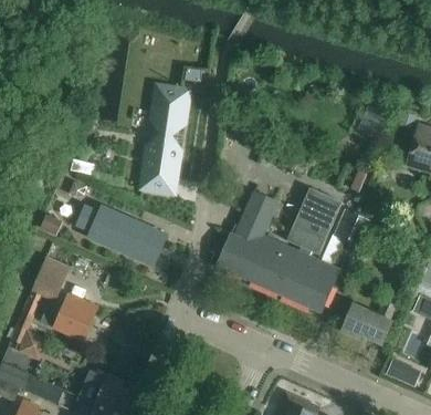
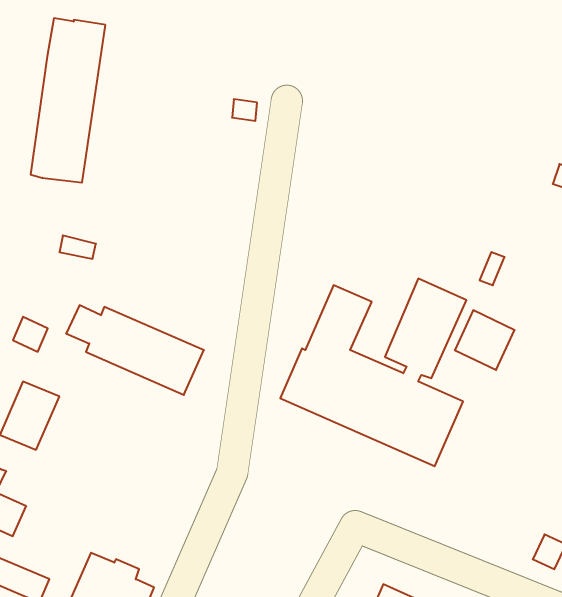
building: [140,84,190,194] -> [31,18,105,183]
building: [42,293,98,340] -> none
building: [343,300,397,343] -> none

